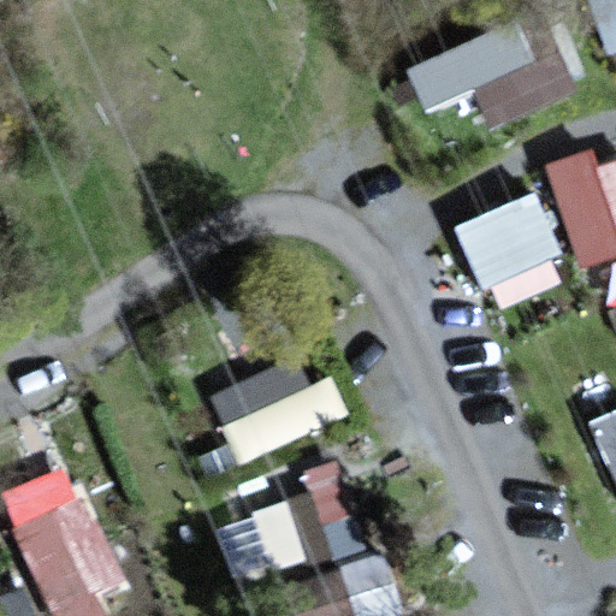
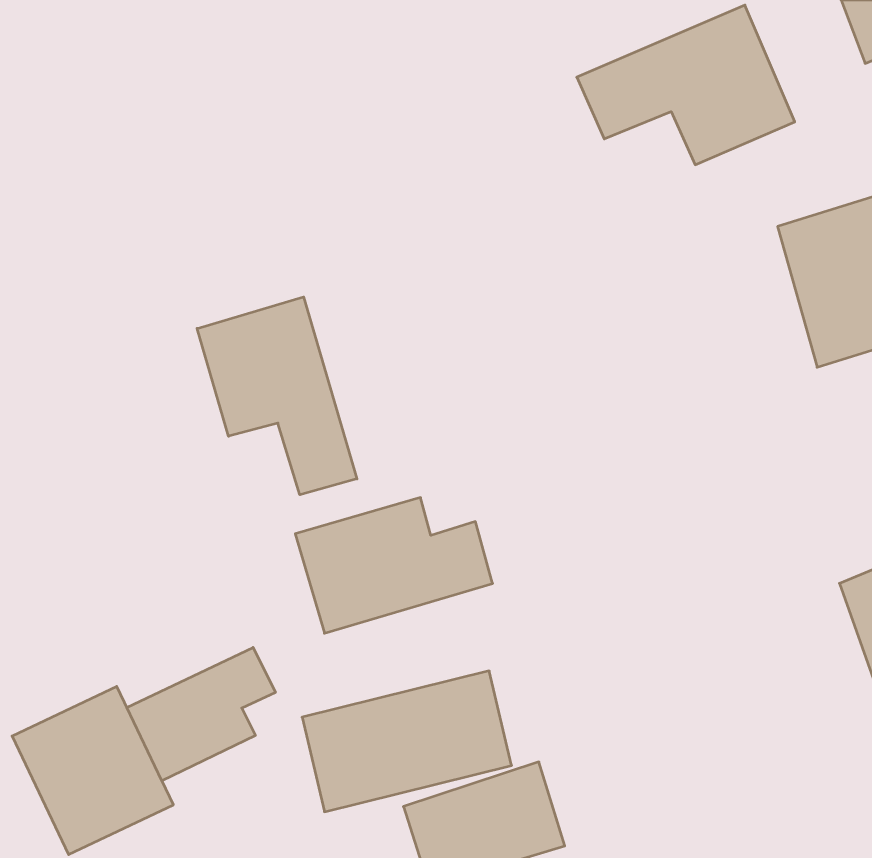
building: [457,192,567,297] -> none
building: none -> [197,297,357,495]
building: none -> [127,647,275,781]

